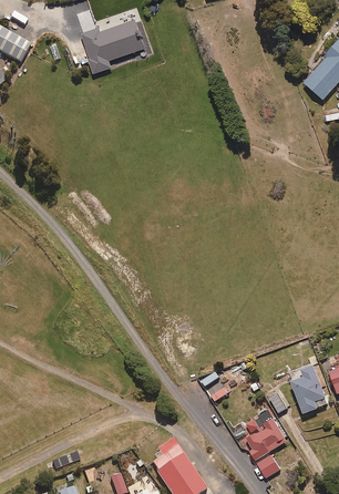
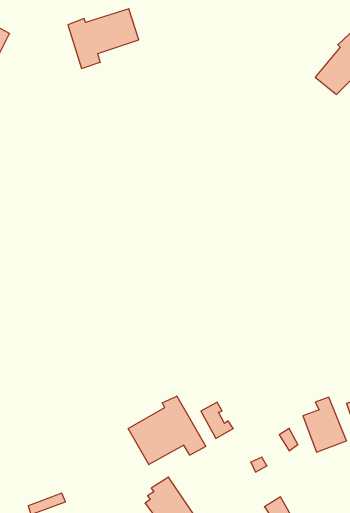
building: none -> [128,396,206,465]
building: [246,418,287,460] -> none

